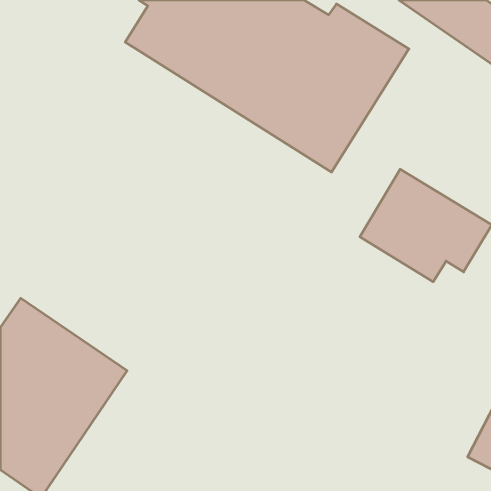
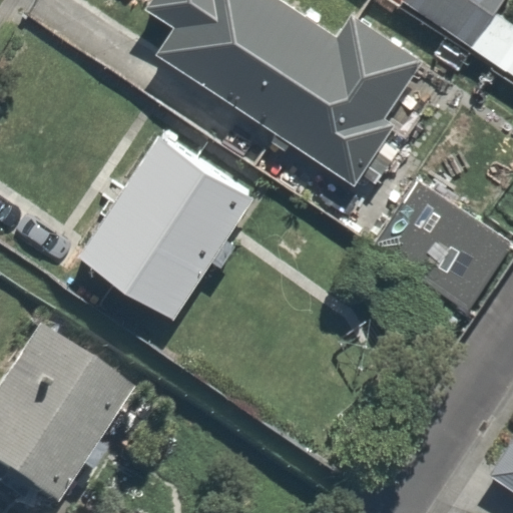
building: none -> [70,123,261,317]

